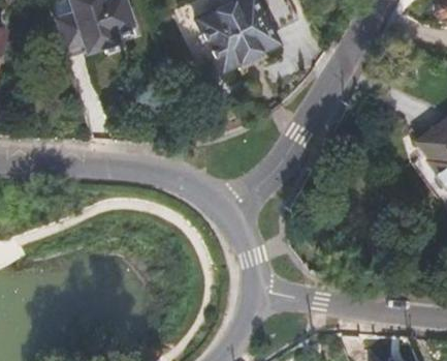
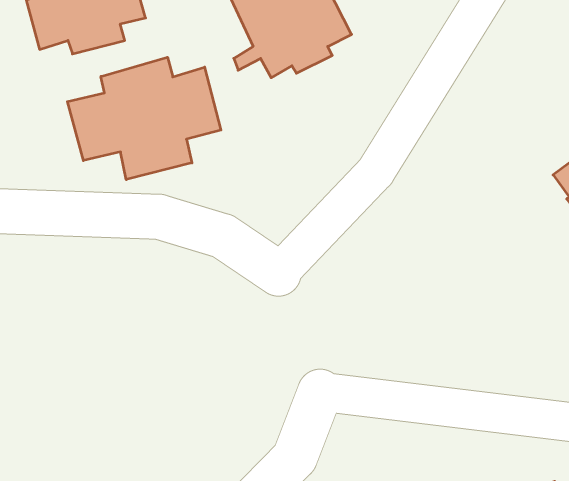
building: none -> [67,57,221,180]

